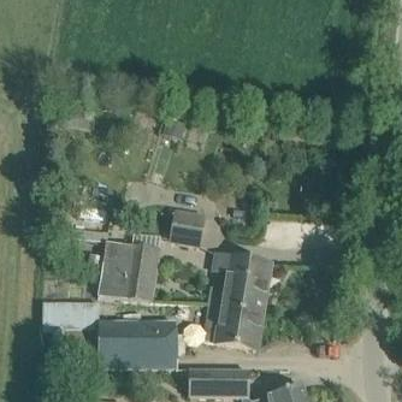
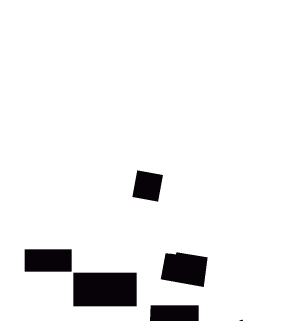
building: [96,237,160,300] -> none
building: [208,250,268,309] -> none

